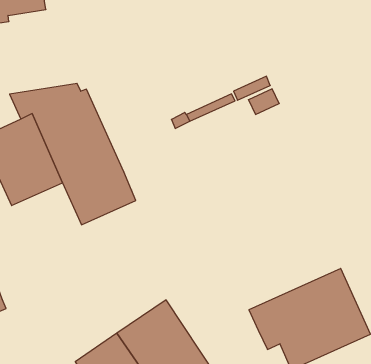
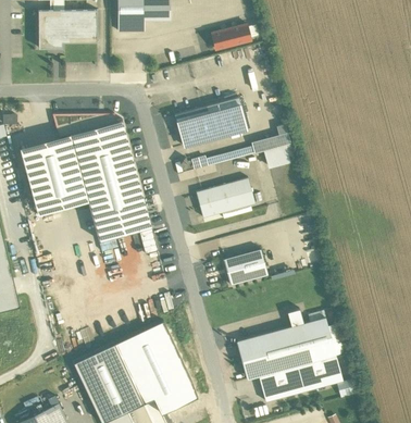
building: none -> [174,98,248,149]
building: none -> [196,178,257,219]
building: none -> [223,249,266,285]

